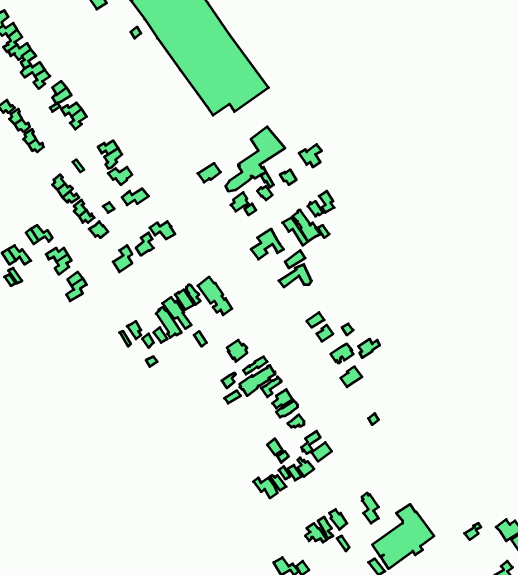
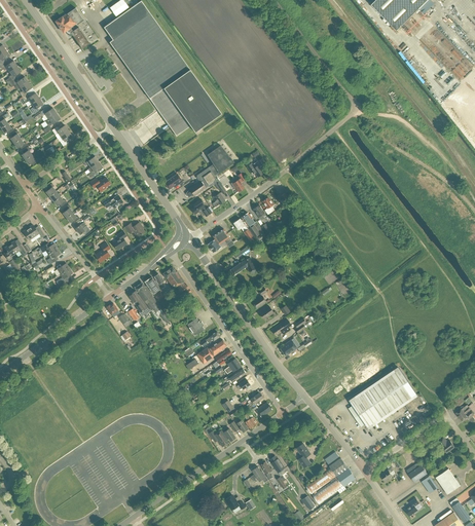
building: none -> [349,368,417,427]

